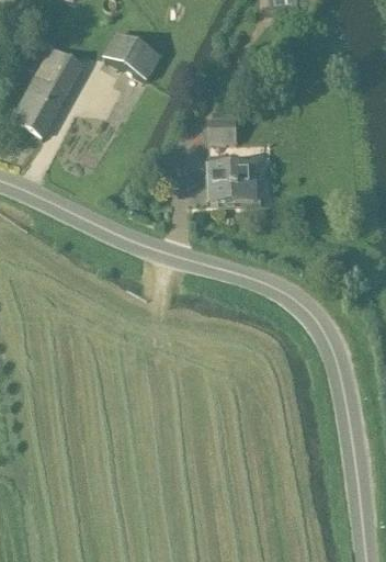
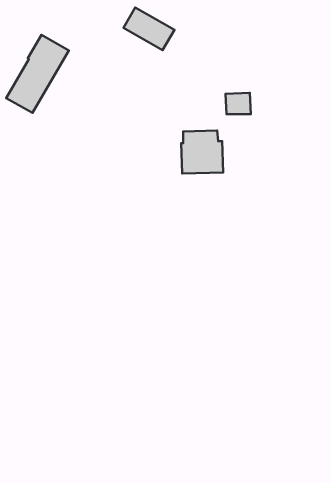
building: [104,30,161,78] -> [124,7,174,50]
building: [208,117,237,142] -> [226,93,251,114]

